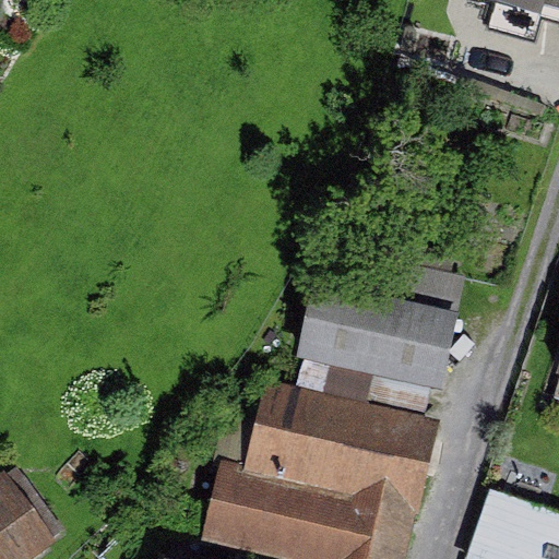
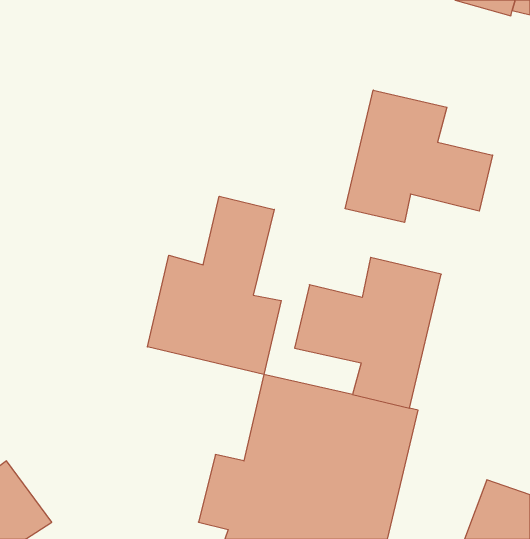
building: none -> [345,90,493,222]
building: none -> [147,196,281,374]

